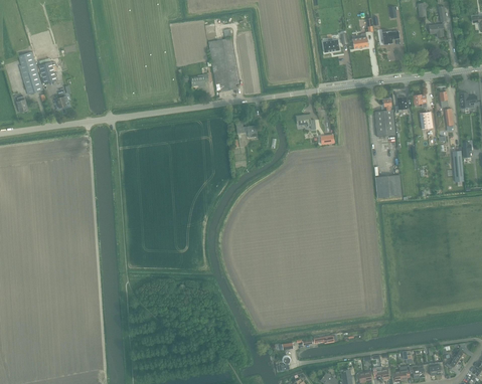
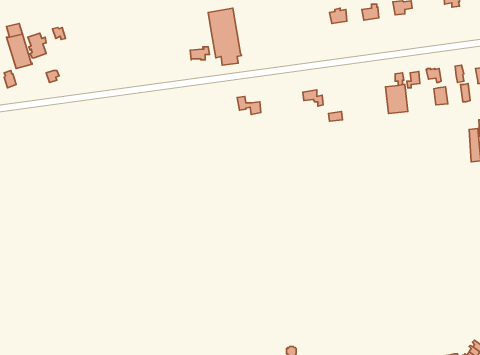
building: [374,175,400,198] -> none

